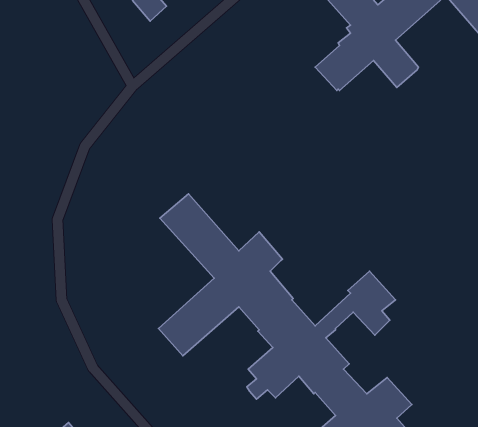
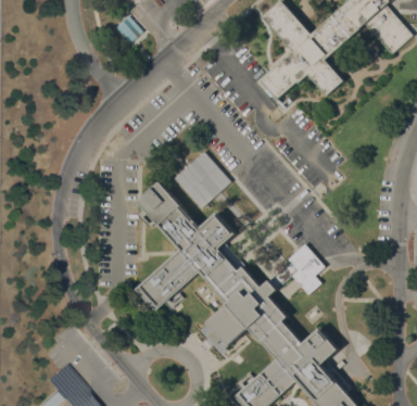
building: none -> [174,151,230,208]

